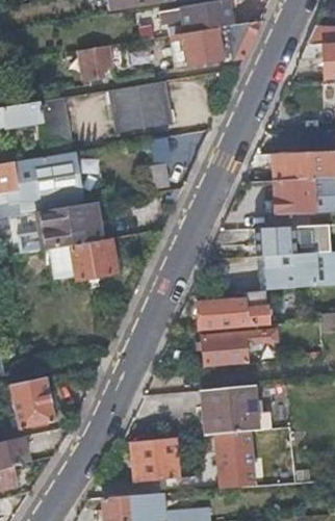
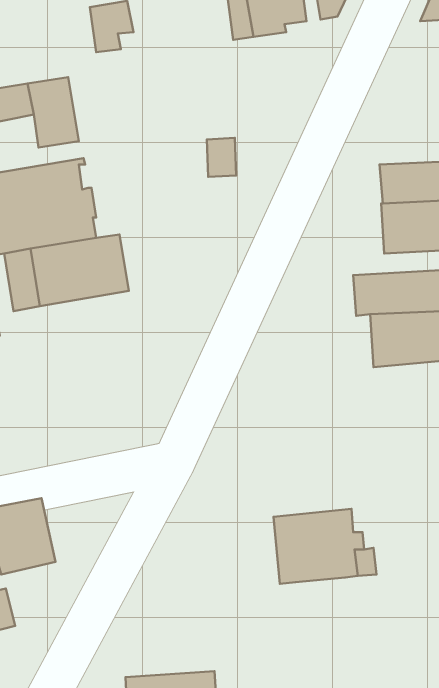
building: [109,80,173,131] -> none
building: [57,238,117,282] -> none
building: [197,290,267,330] -> none
building: [203,331,279,367] -> none
building: [216,431,255,488] -> none
building: [132,437,179,481] -> none

